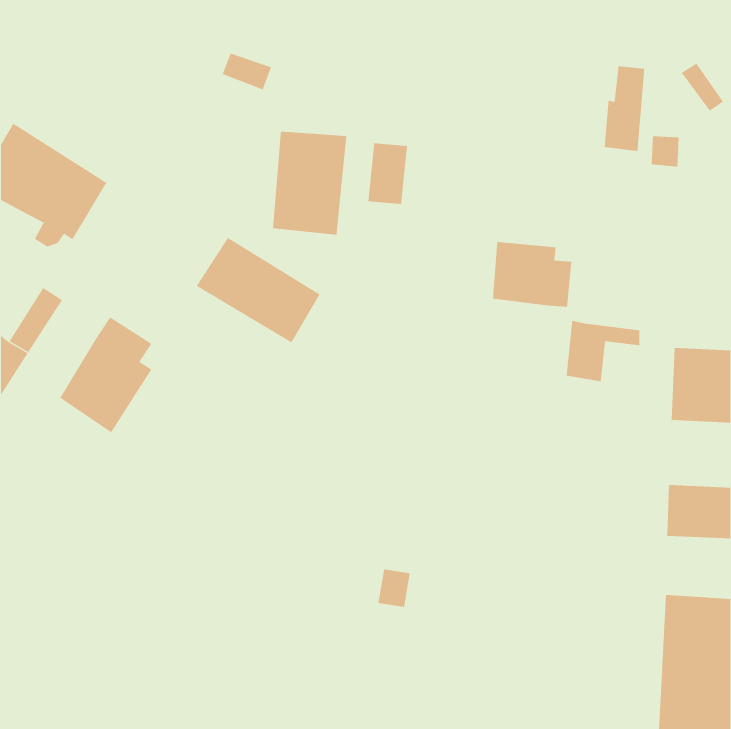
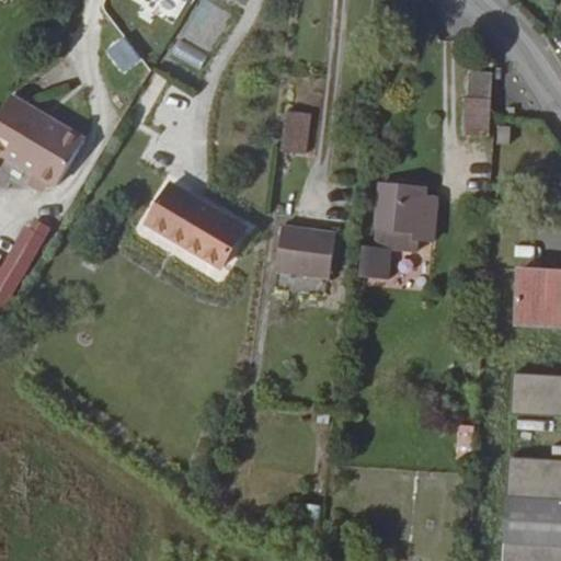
building: [273,131,347,236] -> none
building: none -> [276,225,337,280]
building: [59,316,152,433] -> none
building: [566,320,640,382] -> [363,228,420,275]

